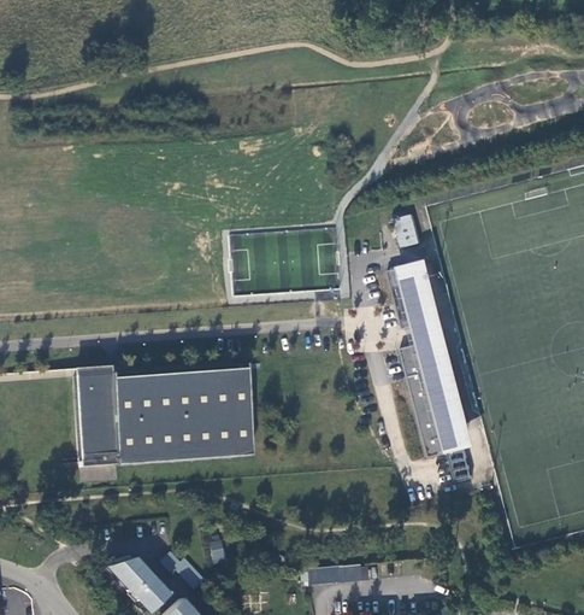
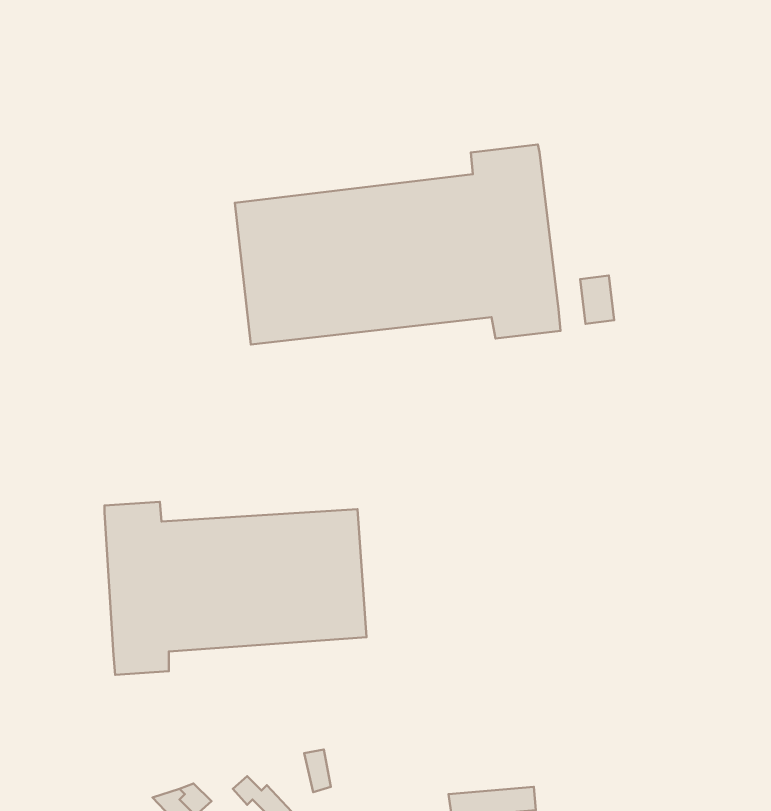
building: none -> [235,144,561,344]
building: [390,256,479,481] -> none

